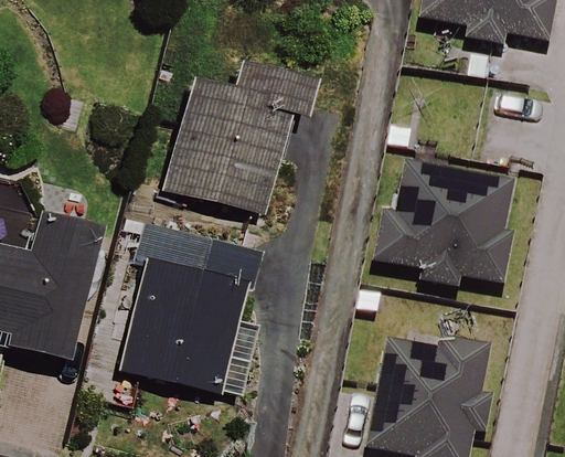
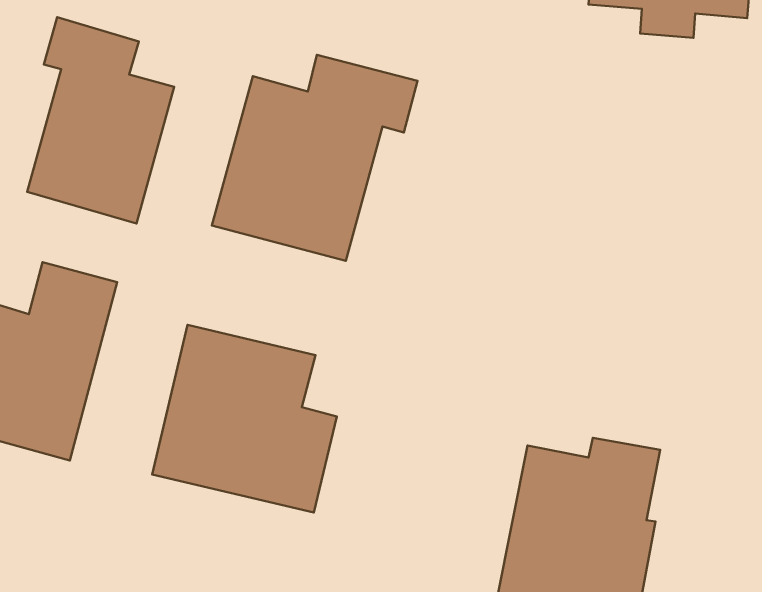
building: none -> [27,17,174,224]
building: [380,167,514,287] -> none

